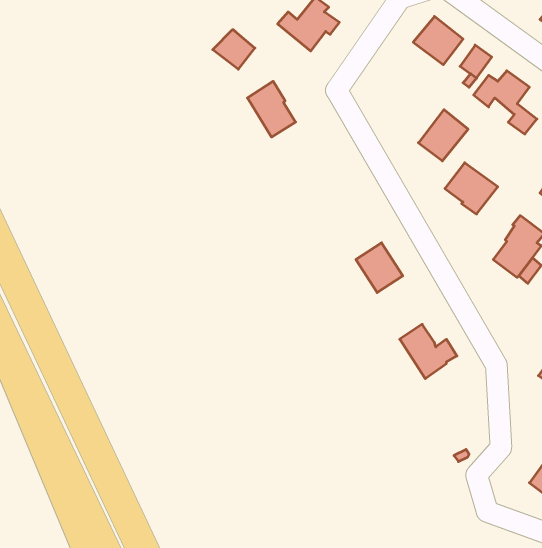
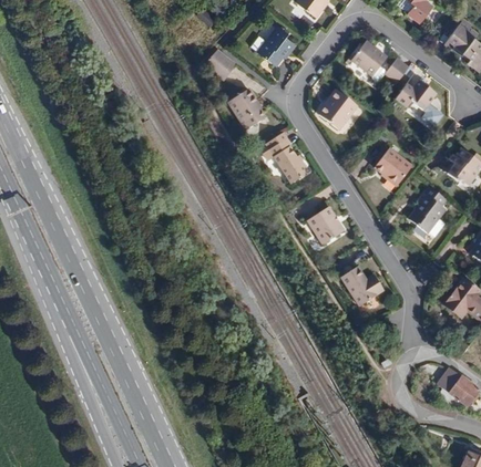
building: [418,110,468,161] -> [320,91,357,128]
building: none -> [264,142,308,186]

